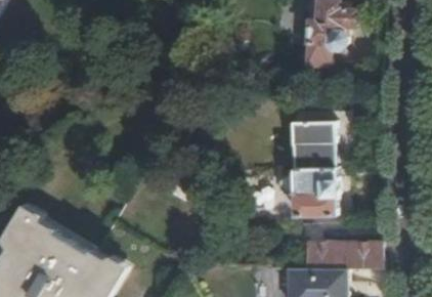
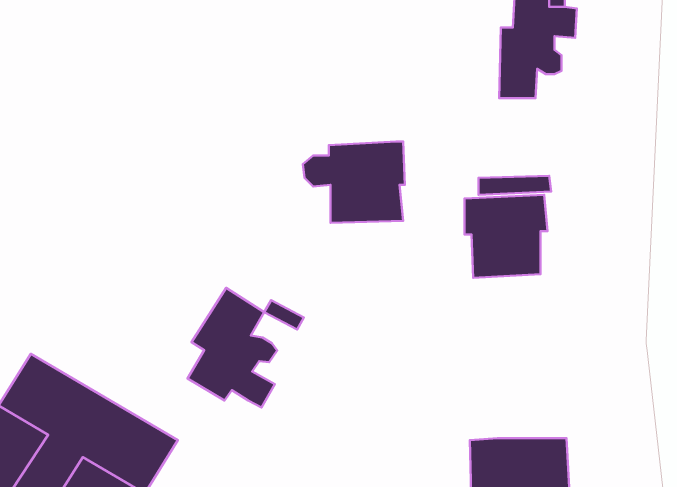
building: [276,169,337,217] -> [303,142,405,223]
building: none -> [187,288,277,407]
building: [306,242,382,266] -> none

